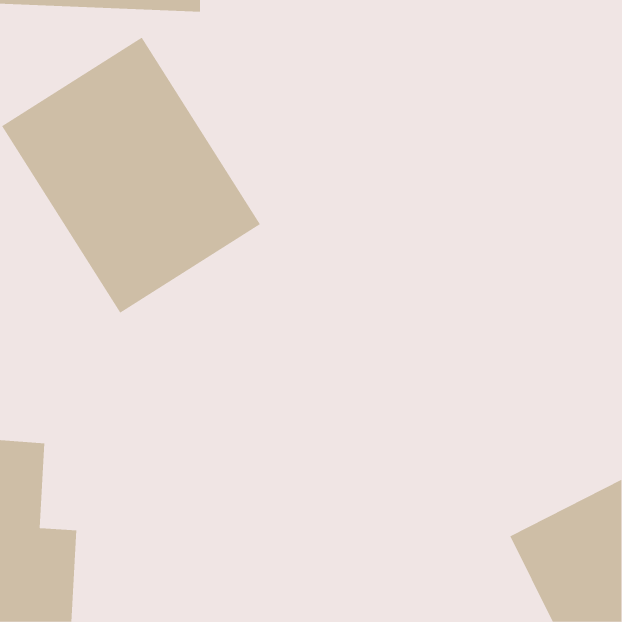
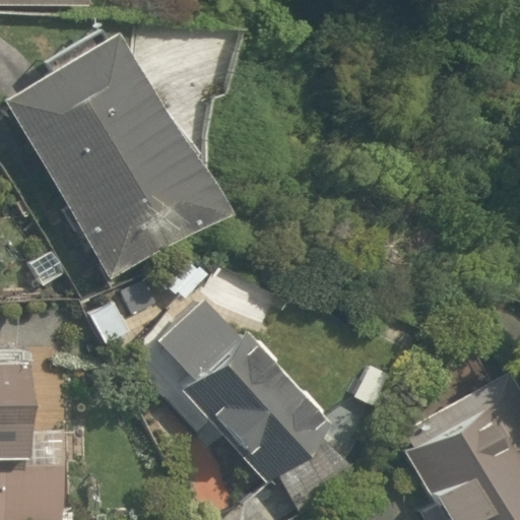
building: none -> [166,309,335,494]

